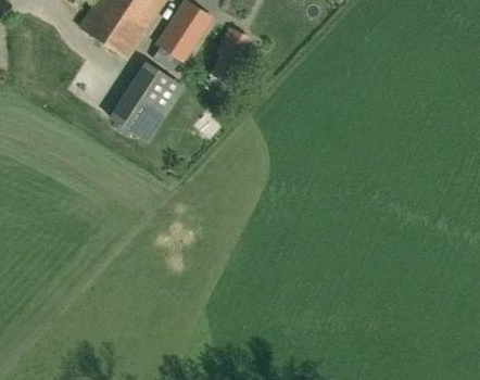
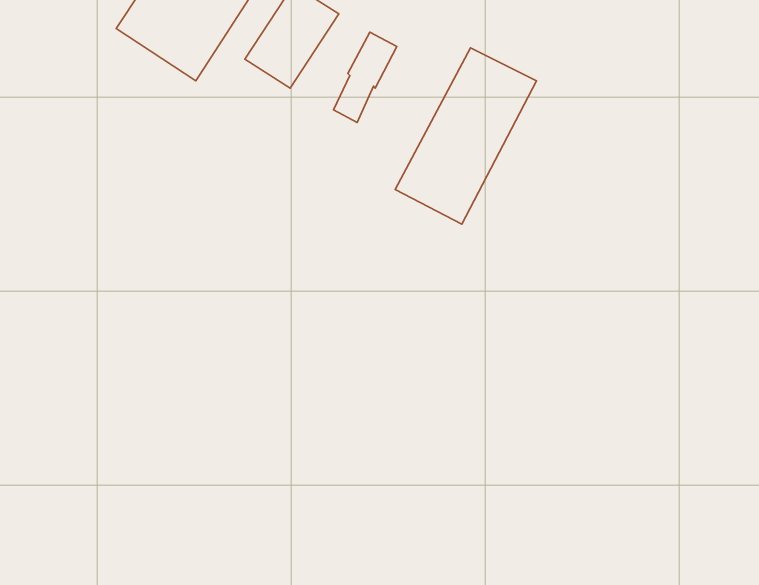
building: none -> [395,48,536,224]
building: [109,62,181,141] -> none

